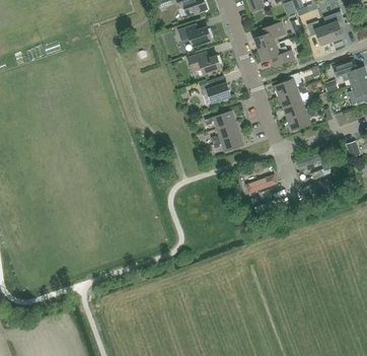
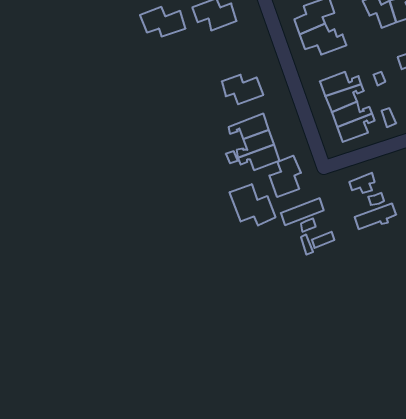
building: [188,52,222,74] -> [140,7,186,36]
building: none -> [269,156,301,197]
building: none -> [230,184,275,226]

